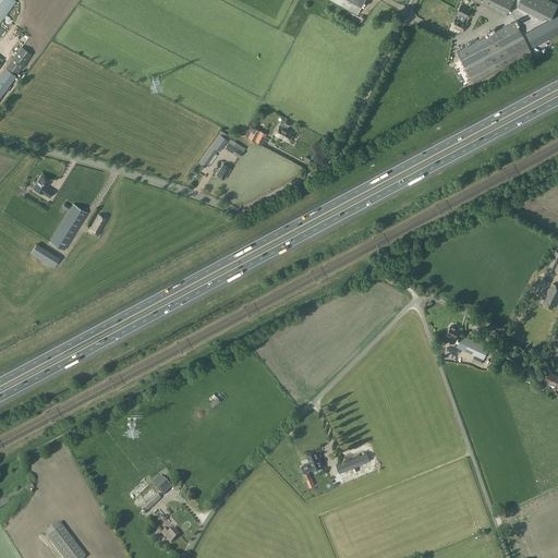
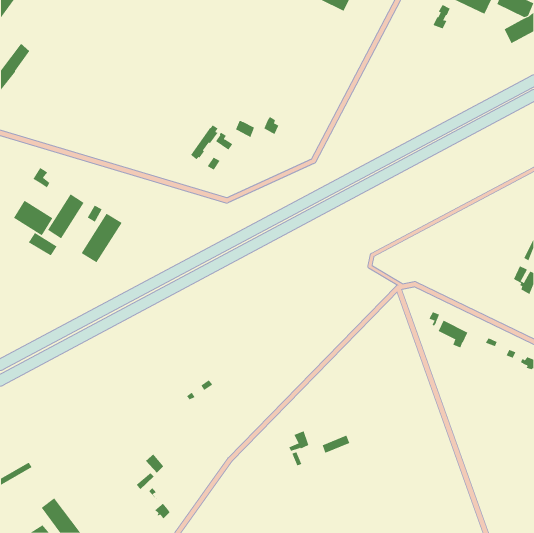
building: [457,20,532,83] -> none
building: none -> [13,200,53,236]
building: none -> [81,213,122,263]

